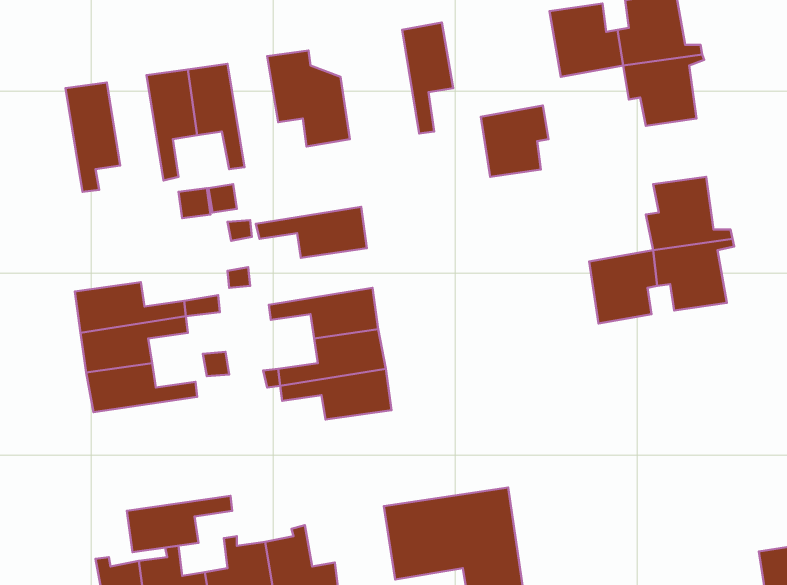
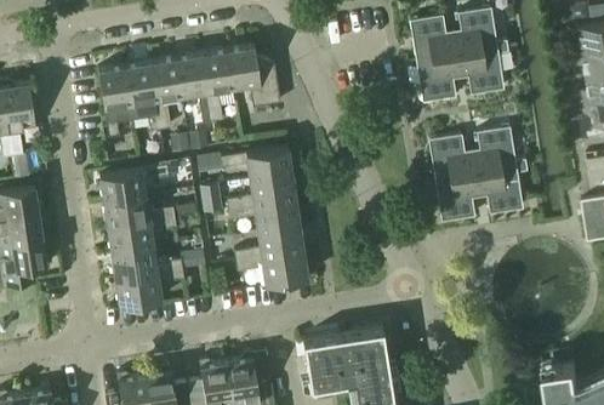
building: [402,22,453,133] -> [201,49,234,120]
building: none -> [124,61,160,130]
building: [481,105,549,177] -> [416,55,460,101]
building: none -> [428,133,475,181]
building: none -> [99,164,169,200]
building: none -> [226,172,295,209]
building: [127,496,232,552] -> [115,268,183,304]

